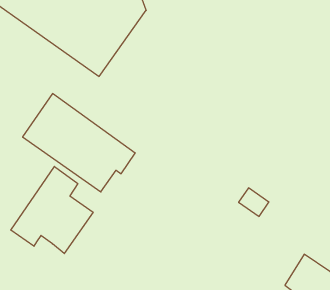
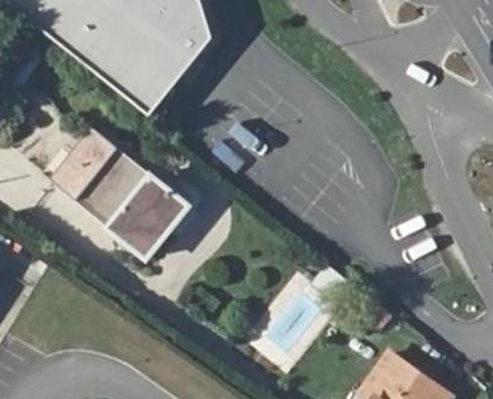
building: [11,166,93,254] -> none

